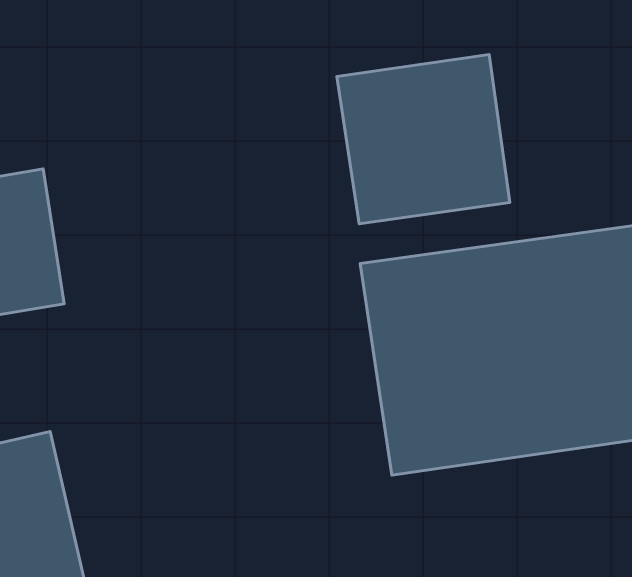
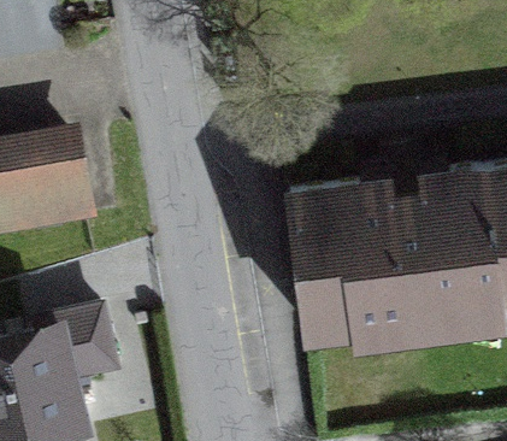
building: [337,54,510,224] -> none

